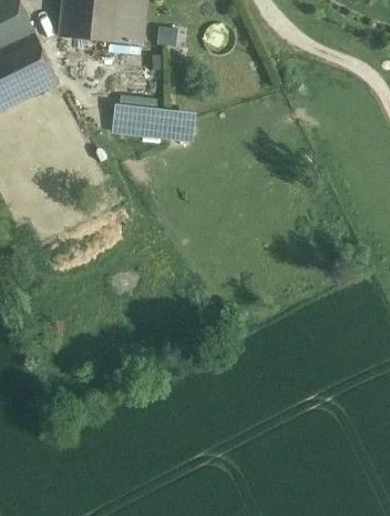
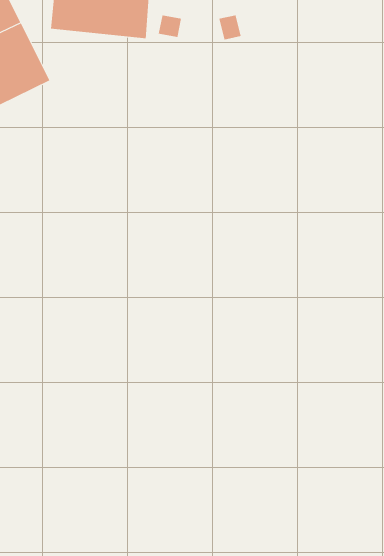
building: [114,108,181,138] -> none

